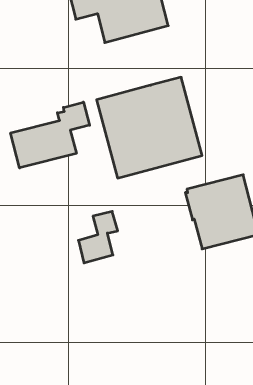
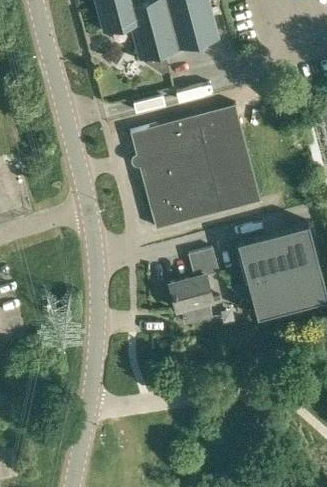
building: [11,102,90,168] -> none
building: [78,211,118,263] -> [170,248,219,312]

